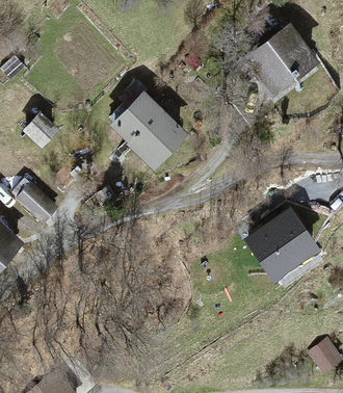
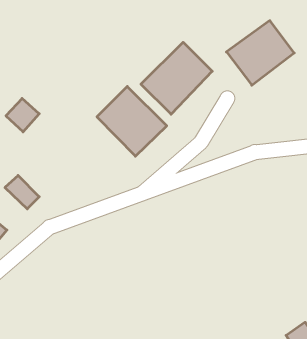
building: none -> [141,42,212,114]
building: [249,213,316,277] -> none

